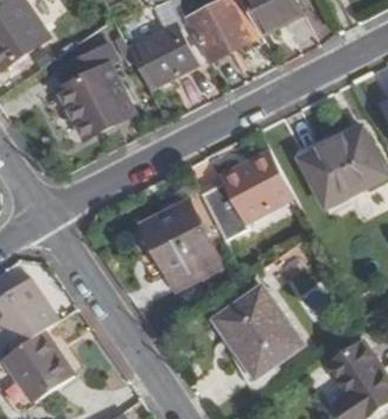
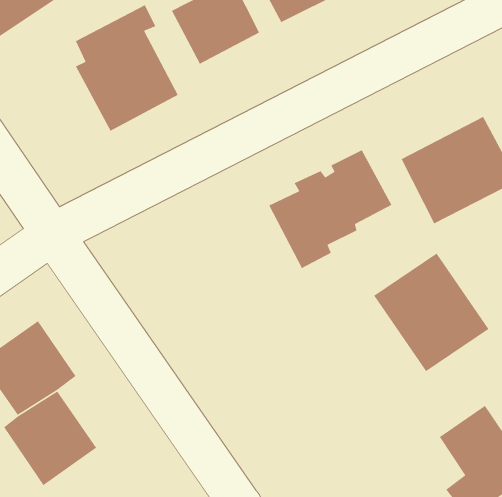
building: [132,191,234,291] -> none
building: [215,287,301,376] -> [373,252,490,372]

